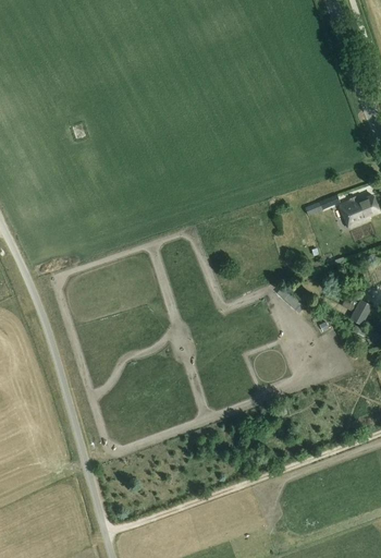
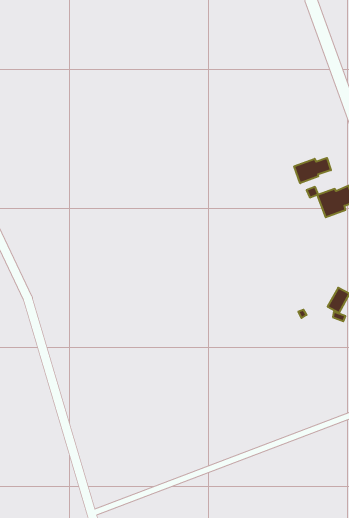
building: none -> [294,158,331,183]

